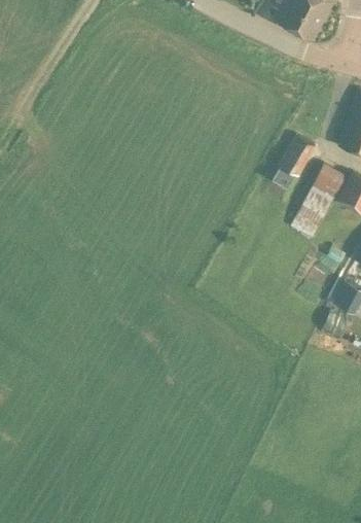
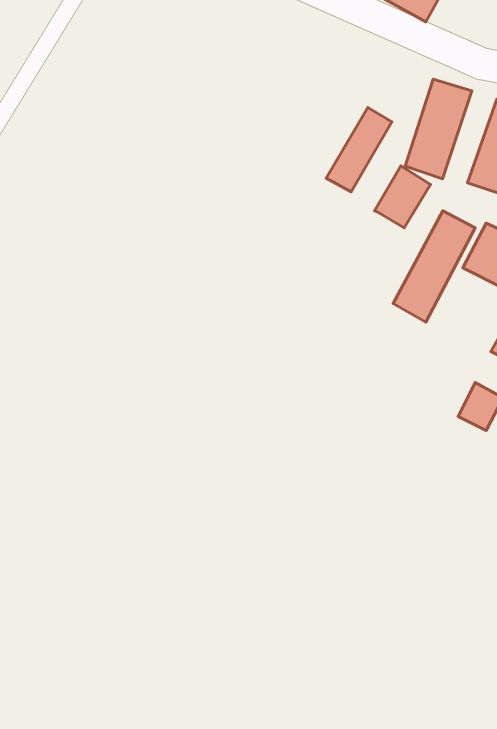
building: none -> [405,79,472,179]
building: none -> [326,108,392,192]

